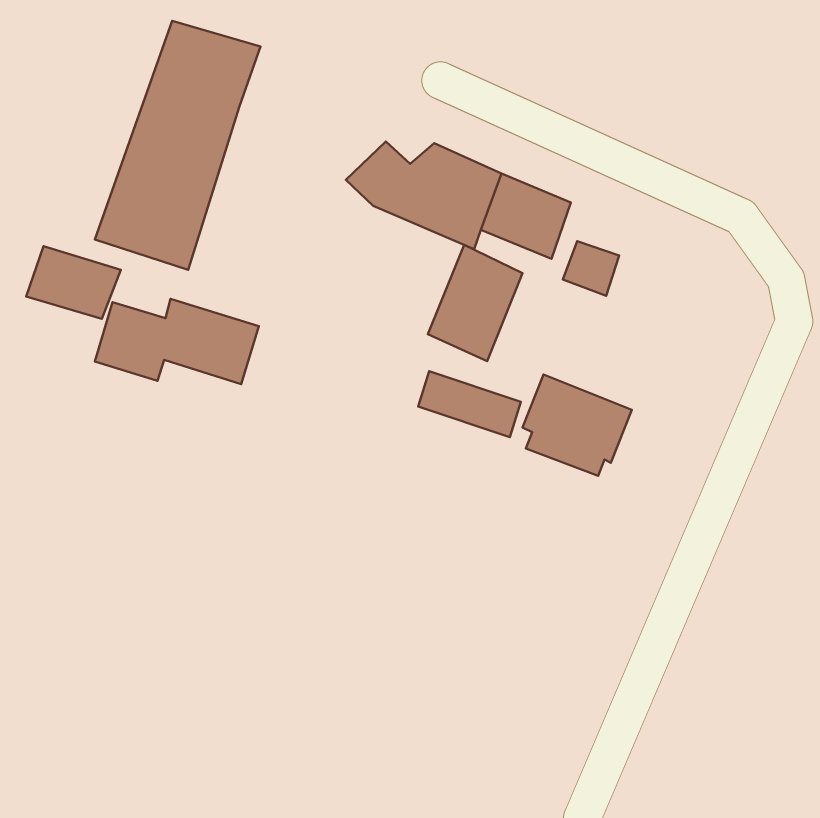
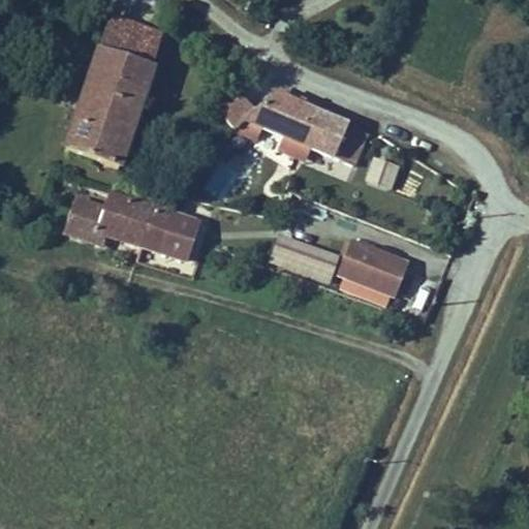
building: [428,245,522,361] -> none
building: [26,246,121,319] -> none
building: none -> [155,210,206,258]

